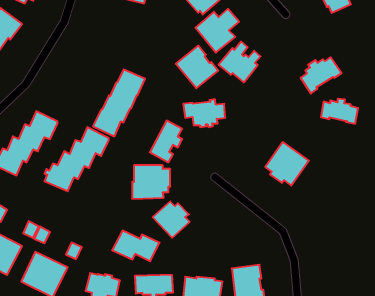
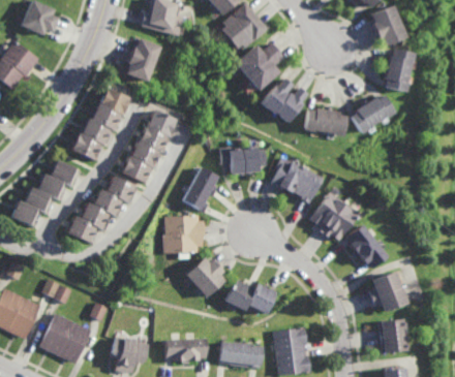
building: none -> [126,38,160,82]
building: none -> [384,50,416,94]
building: [176,46,218,88] -> none
building: none -> [71,87,129,161]
building: [321,99,358,124] -> [306,106,347,134]
building: none -> [271,155,323,201]
building: none -> [347,222,388,266]
building: none -> [368,270,406,310]
building: [112,231,160,261] -> [225,278,278,312]
building: none -> [378,318,407,352]

